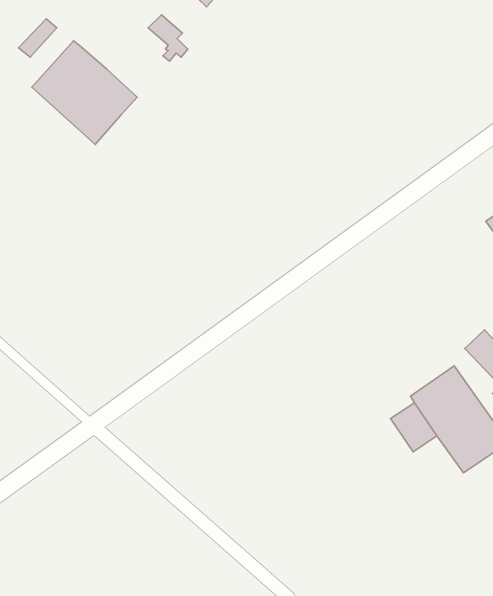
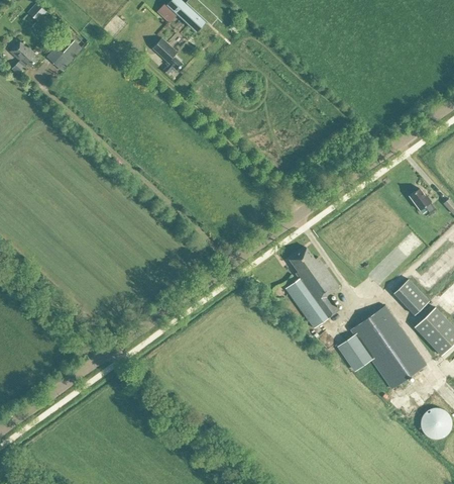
building: [32,41,137,145] -> none
building: none -> [286,248,339,328]

